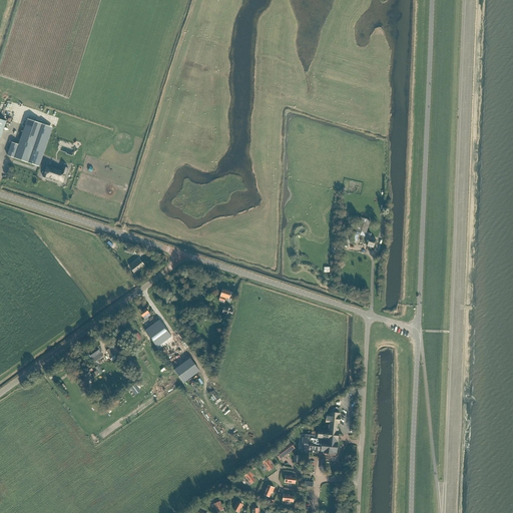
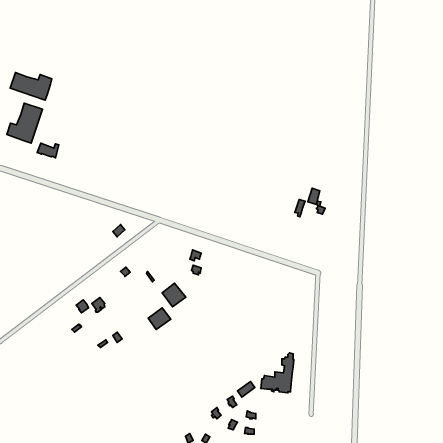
building: none -> [10,73,52,100]
building: [144,320,171,347] -> [162,283,186,307]

